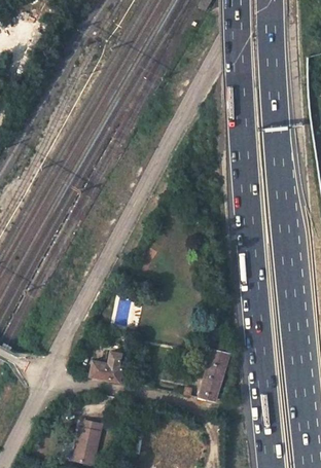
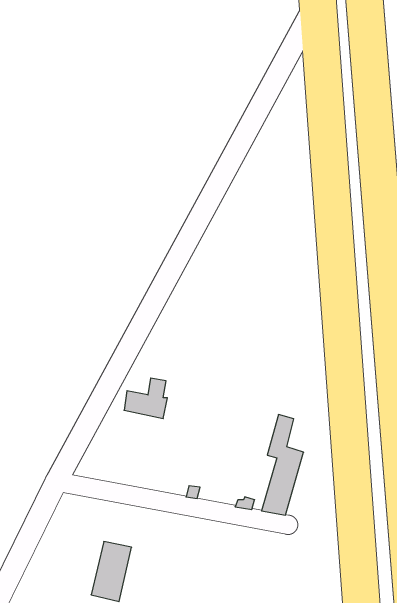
building: [90,352,121,382] -> [124,378,167,419]

